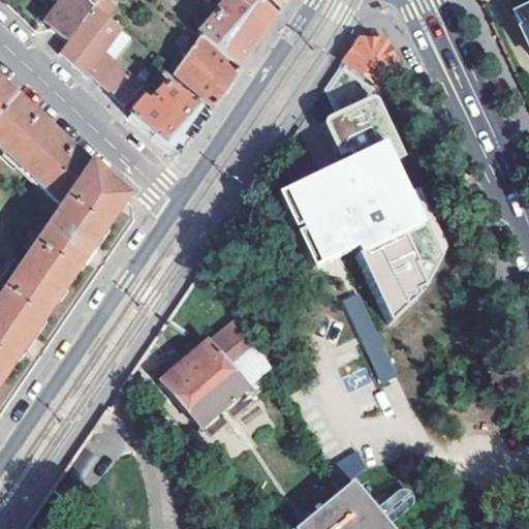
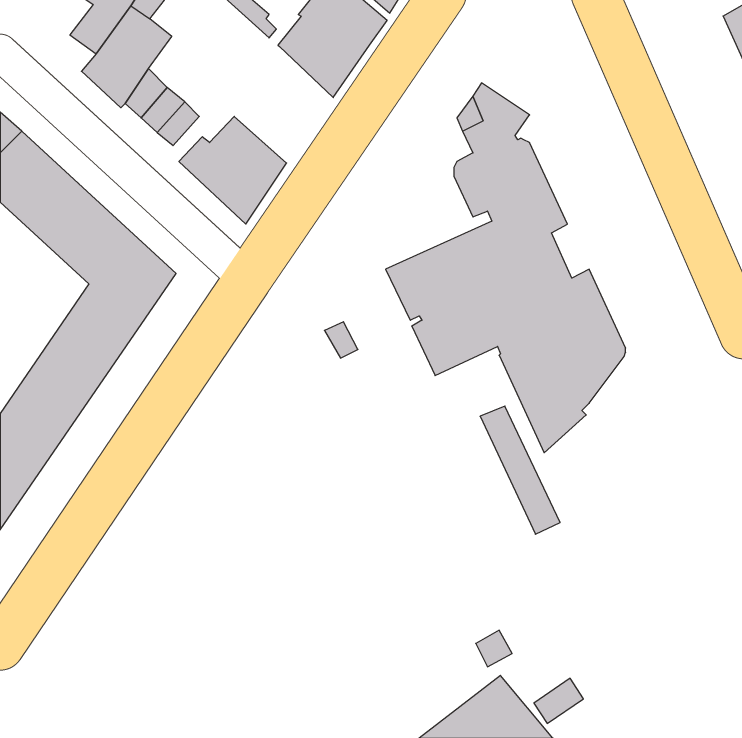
building: [174,33,238,106] -> none
building: [343,36,397,86] -> none
building: [160,315,269,426] -> none

